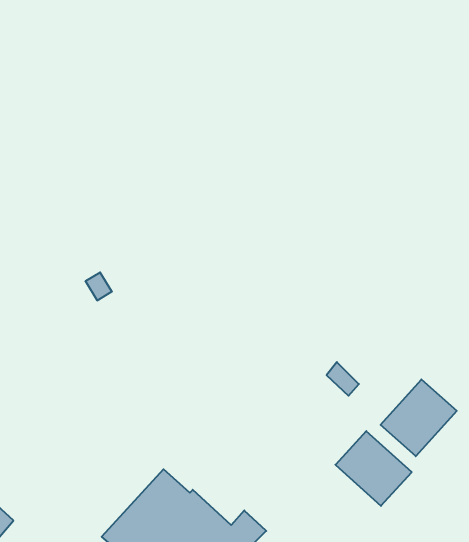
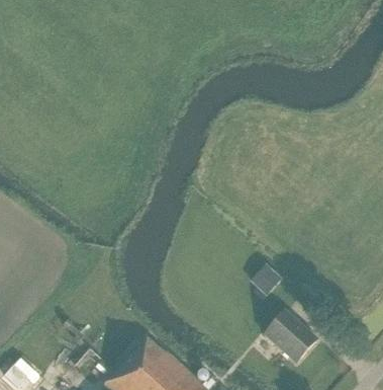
building: [381,379,457,456] -> none

